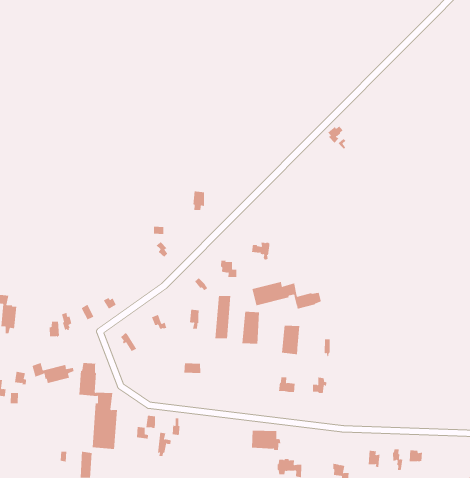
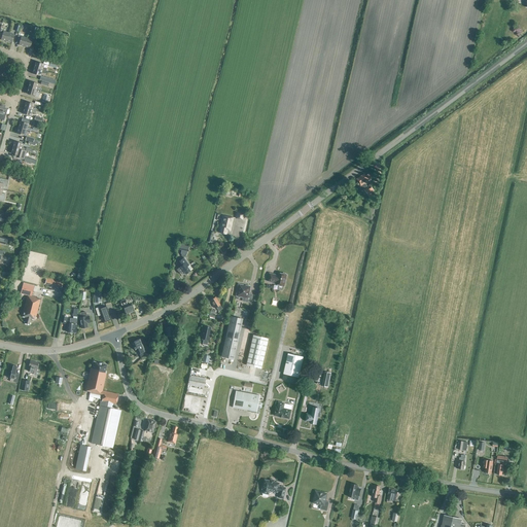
building: [252,281,321,309] -> none
building: [32,362,74,384] -> none
building: [251,430,281,450] -> [233,390,261,413]

